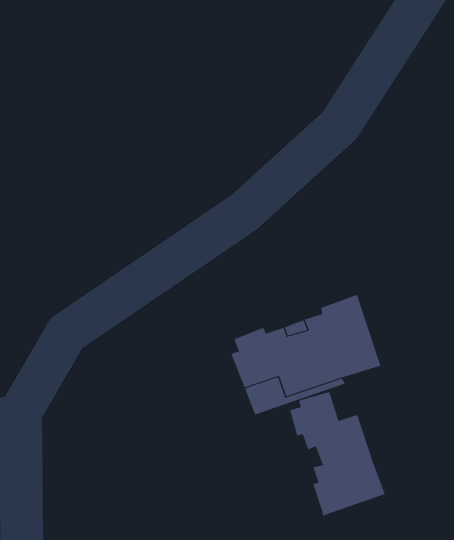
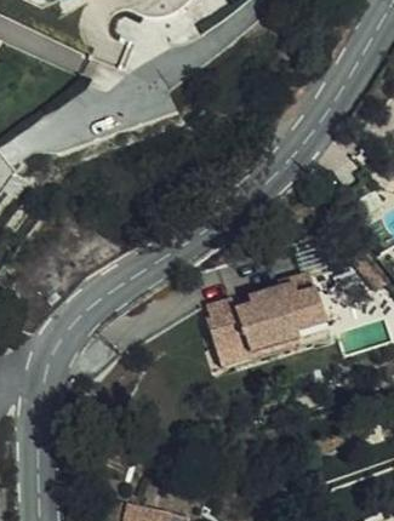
building: [290,391,385,516] -> none

